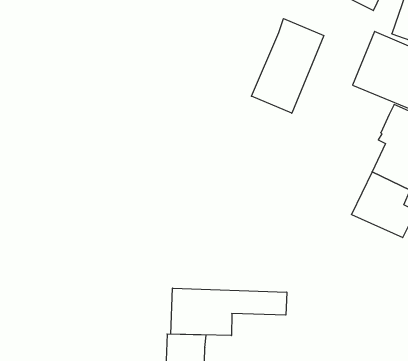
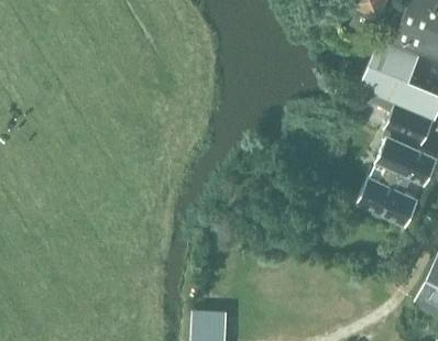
building: [251,19,324,113] -> none
building: [171,288,287,336] -> none

